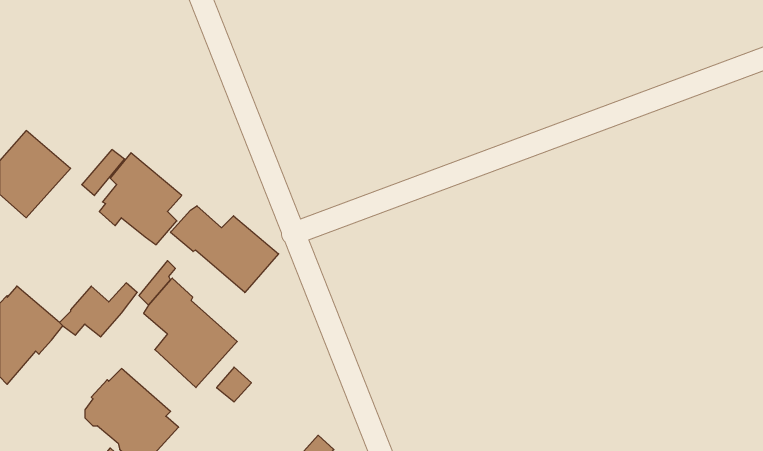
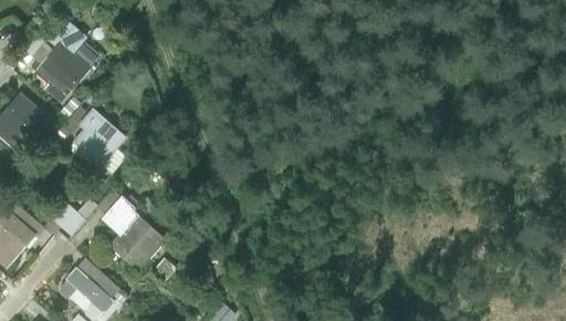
building: none -> [23,19,91,103]
building: [171,206,279,293] -> none

